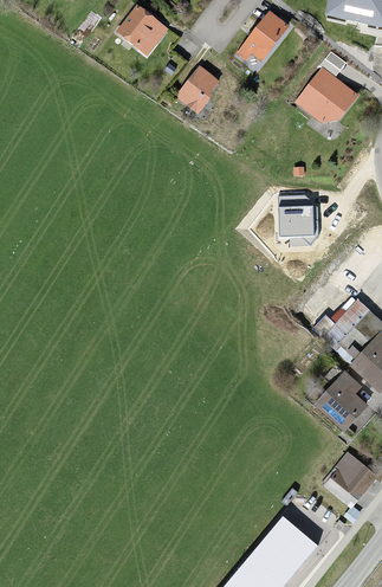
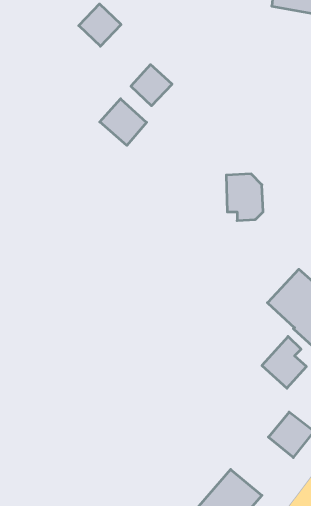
building: [244,14,291,65] -> none
building: [296,49,357,121] -> none
building: none -> [100,99,147,145]

